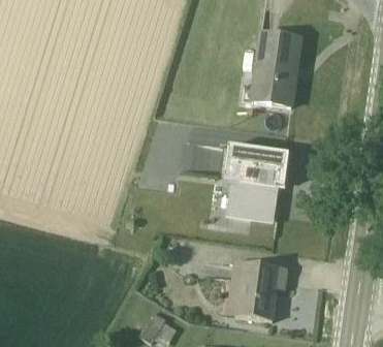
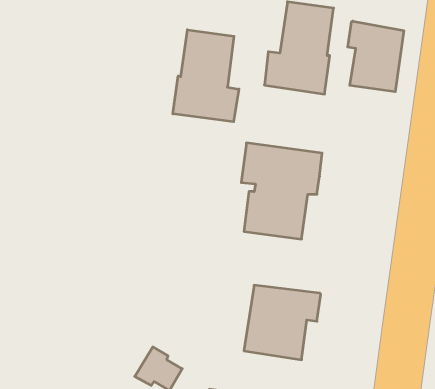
building: none -> [348,21,404,92]
building: none -> [173,30,239,122]

